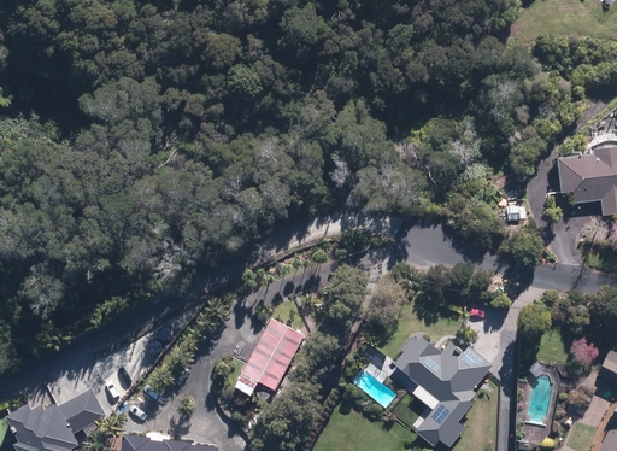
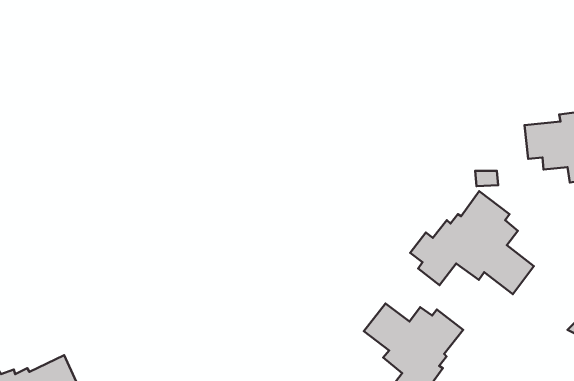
building: none -> [410,191,534,294]
building: [234,318,305,397] -> none

